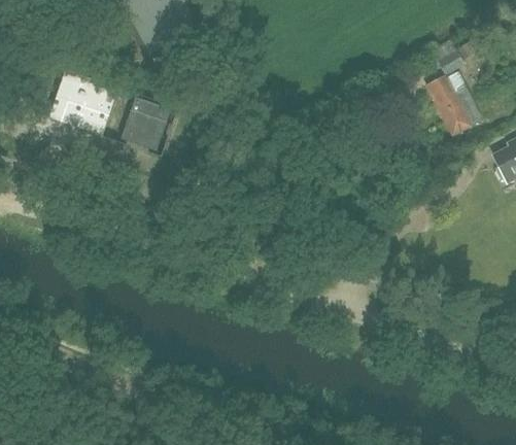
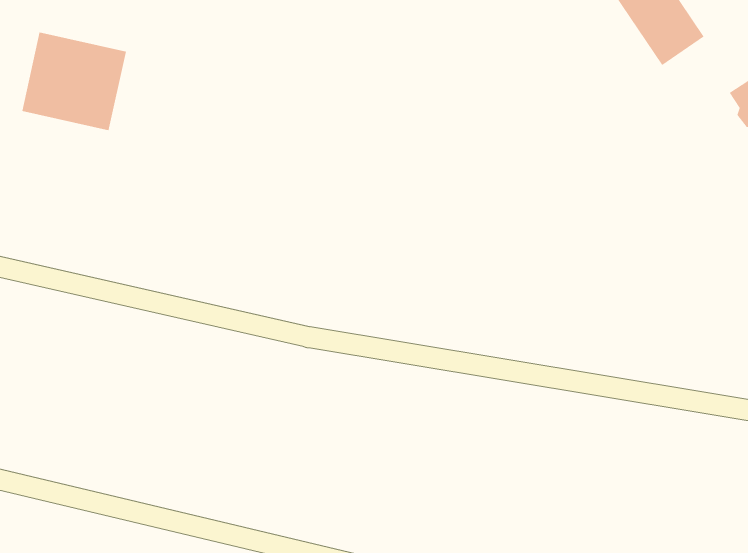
building: [121,97,170,149] -> none

